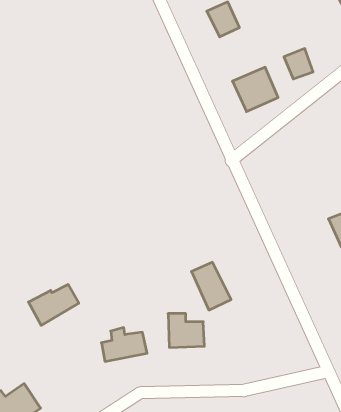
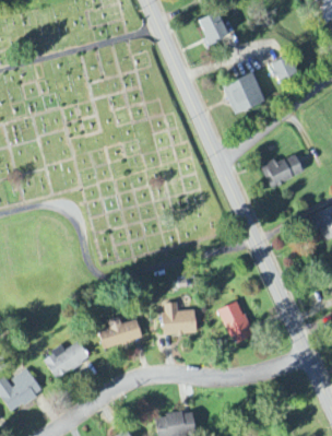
building: none -> [261,154,304,187]
building: [191,262,231,310] -> [217,301,254,345]
building: [28,285,79,325] -> [43,341,90,379]

